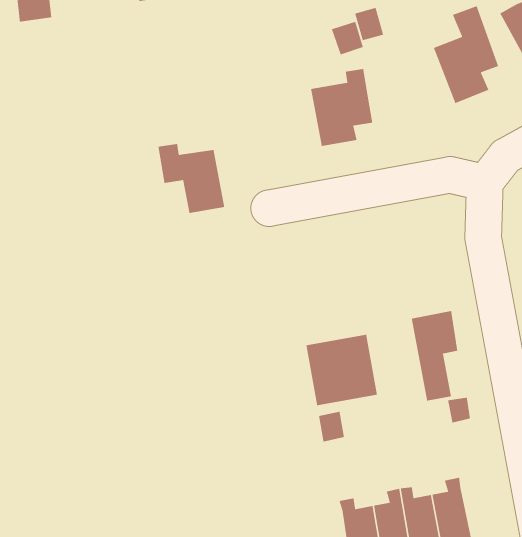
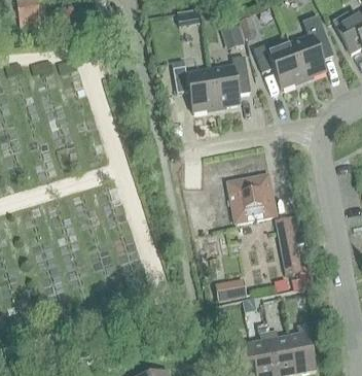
building: none -> [253,42,304,88]
building: [157,143,225,214] -> [173,65,217,111]
building: [305,334,378,406] -> [228,174,276,221]

